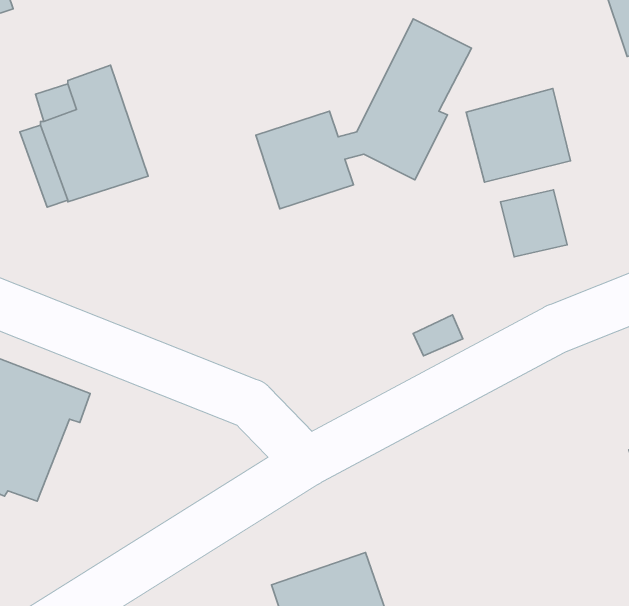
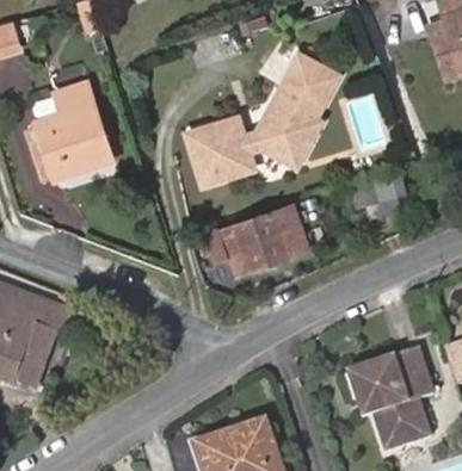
building: [466,89,571,182] -> none
building: none -> [201,204,308,273]
building: none -> [350,348,437,452]

